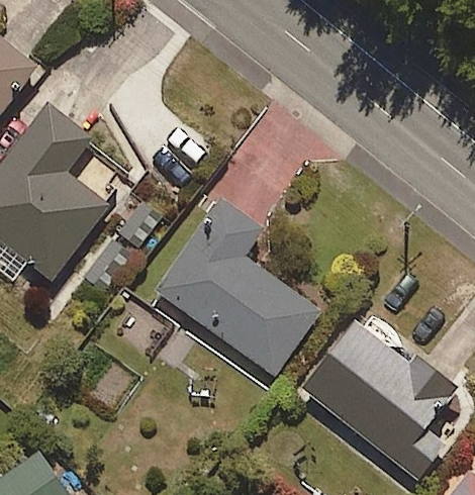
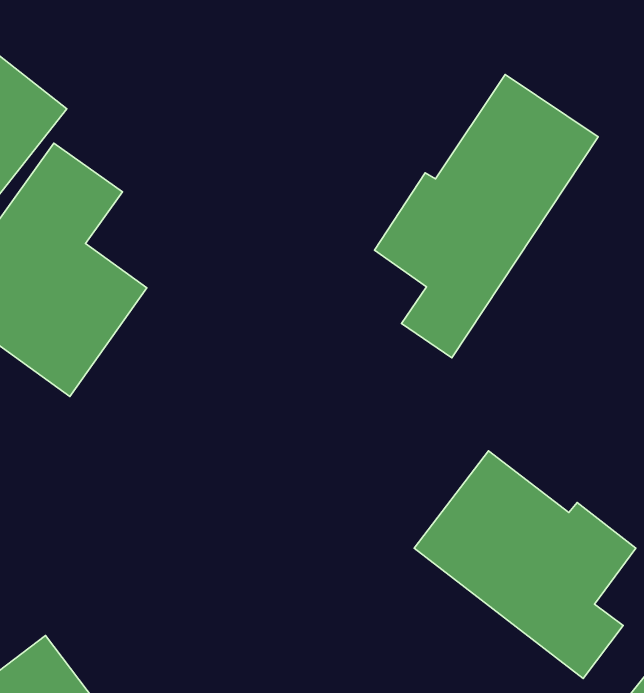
building: none -> [374,74,598,358]
building: [153,196,320,374] -> none

